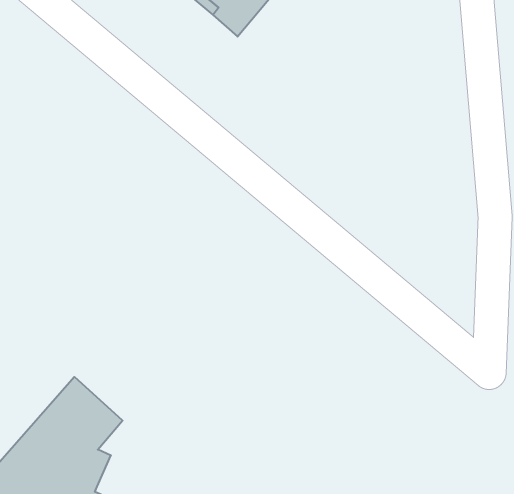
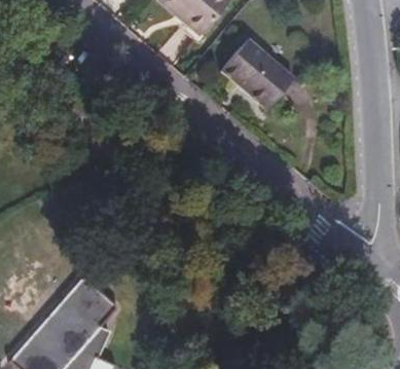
building: none -> [221,39,294,109]

